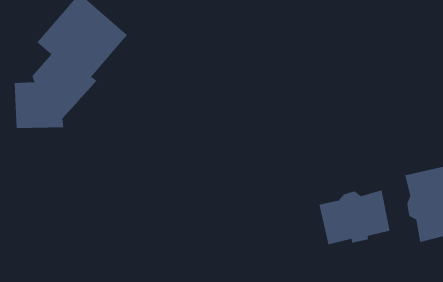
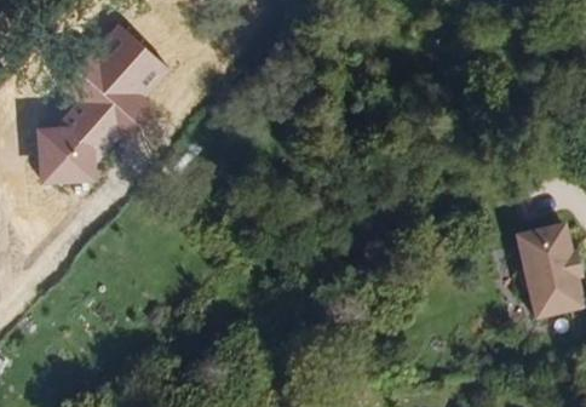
building: [319,190,390,245] -> none

